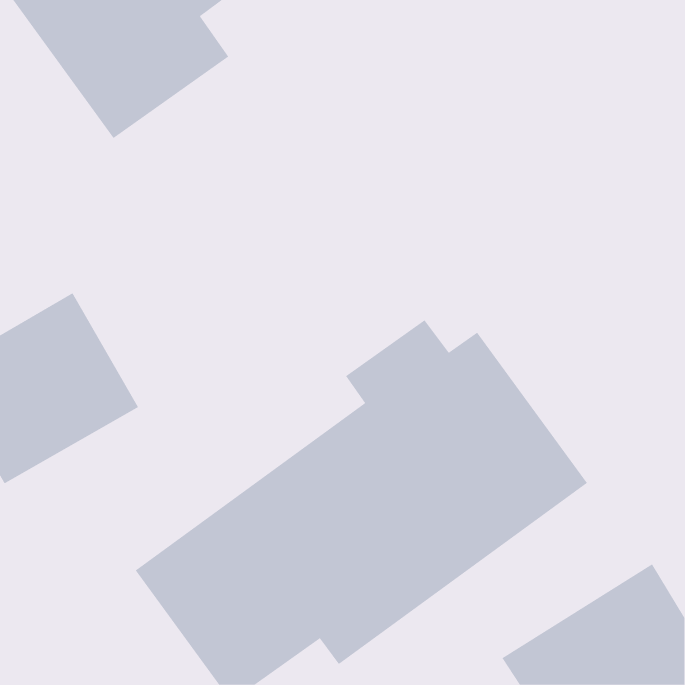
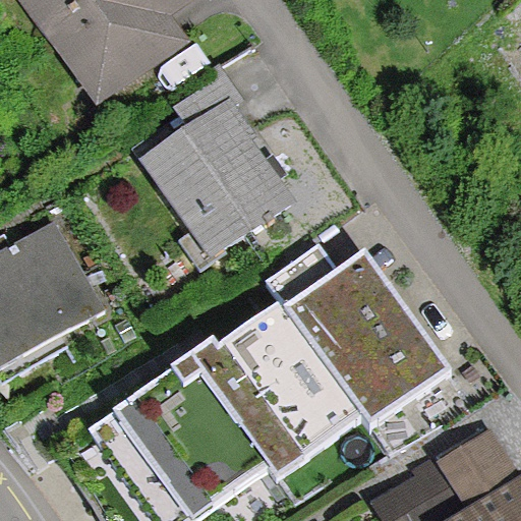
building: none -> [137,75,295,259]

